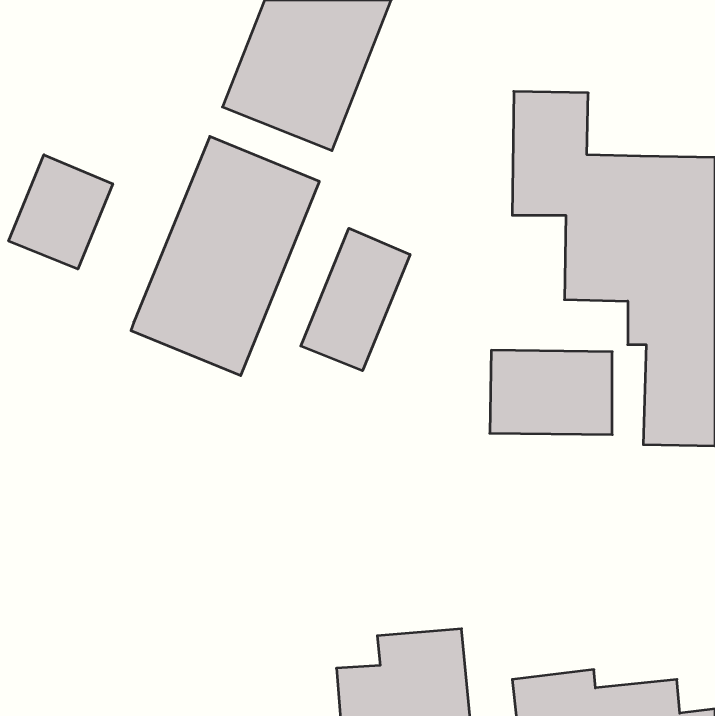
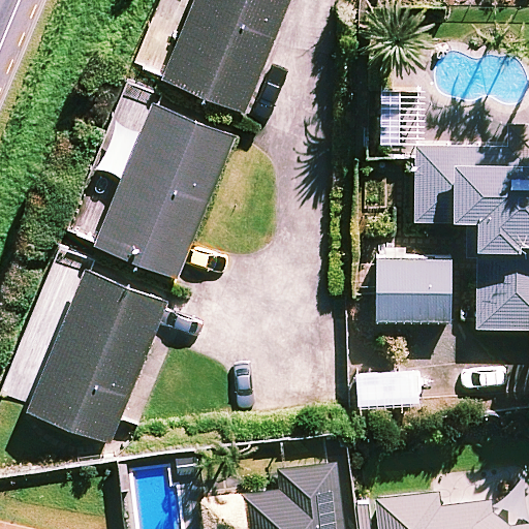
building: [9,155,113,269] -> none
building: [301,228,410,371] -> none
building: none -> [28,271,166,444]

